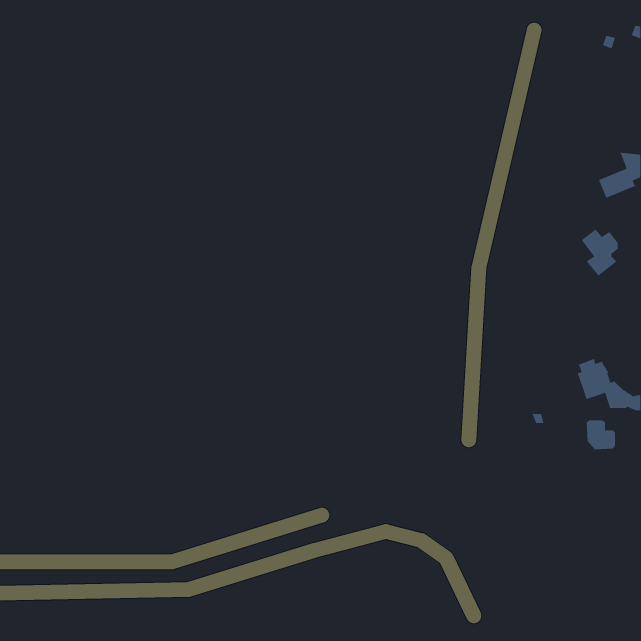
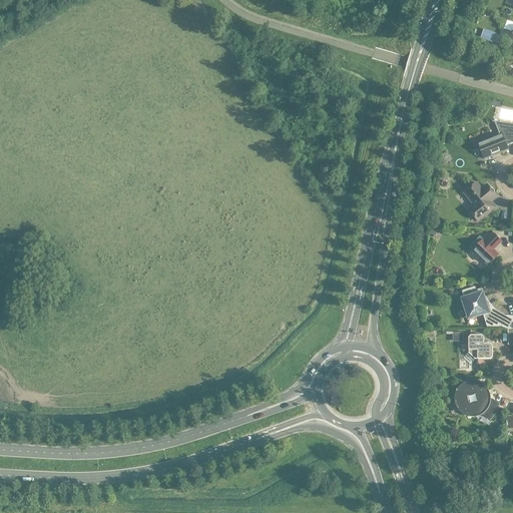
building: none -> [472,232,500,265]
building: none -> [454,380,499,420]

